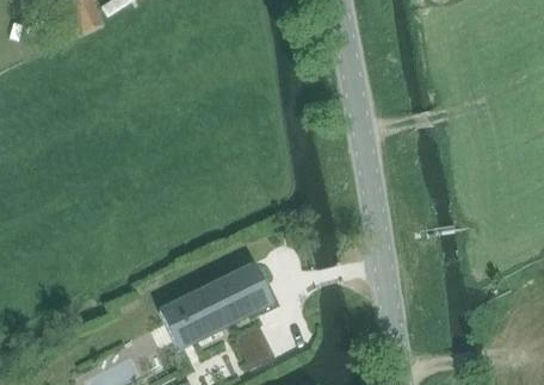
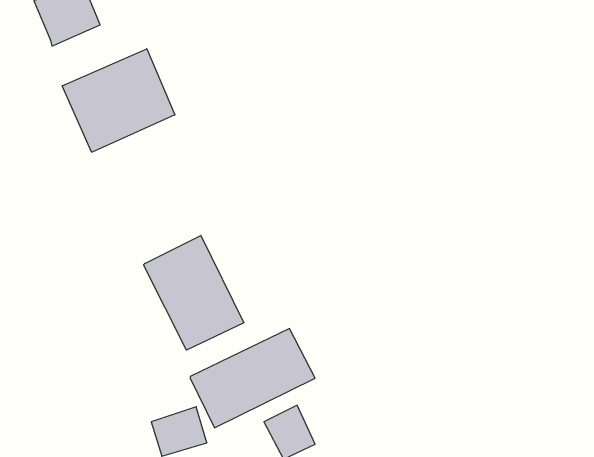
building: none -> [62,49,175,152]
building: none -> [144,235,244,350]

